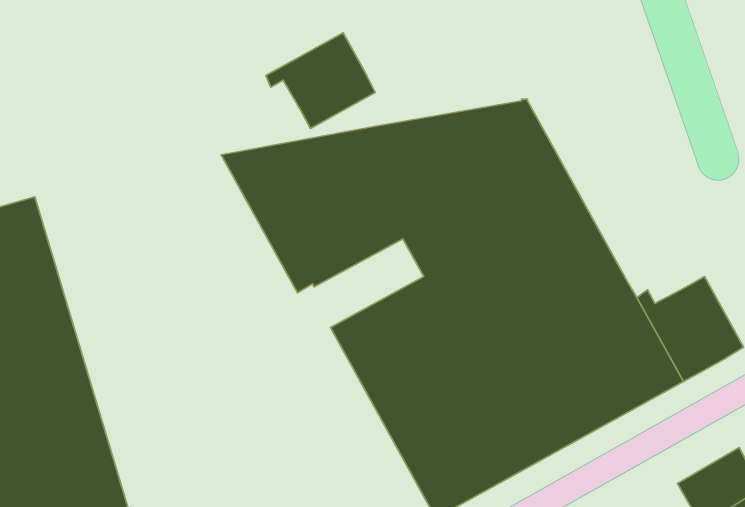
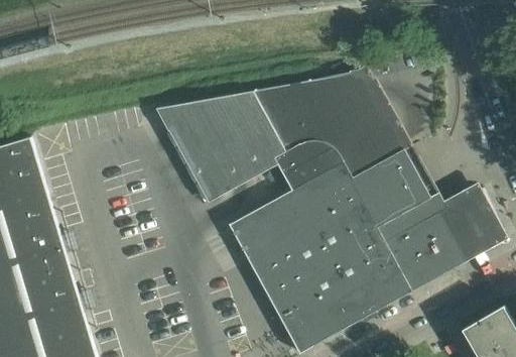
building: [266,33,375,129] -> none

